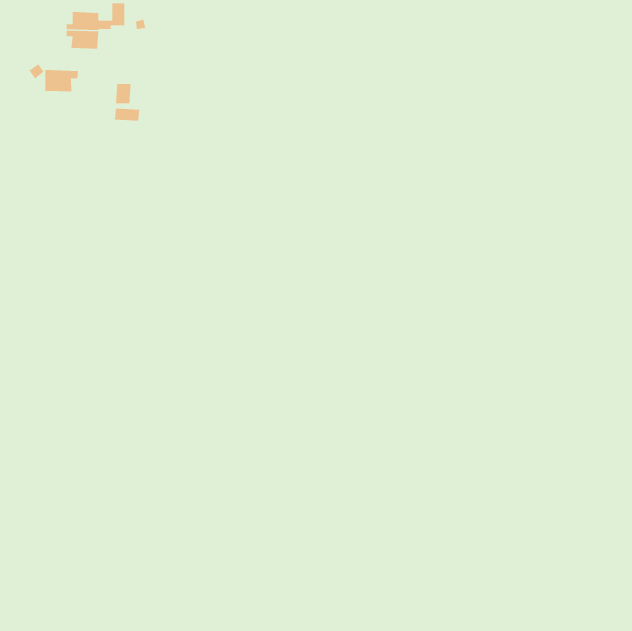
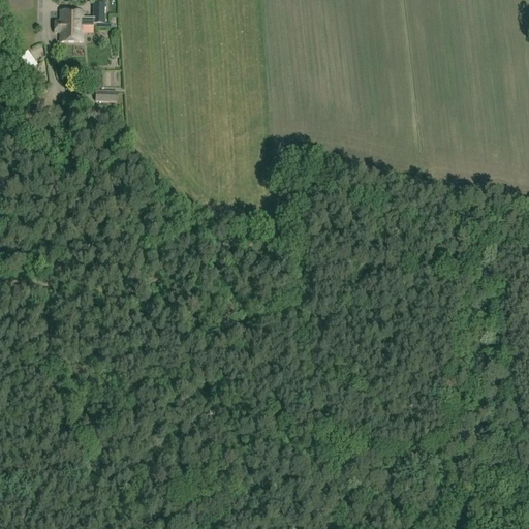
building: [44,69,79,92] -> none

